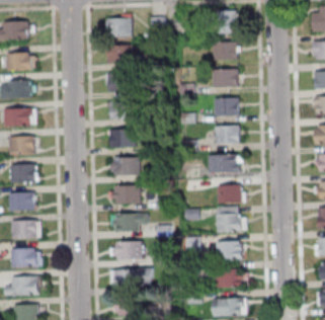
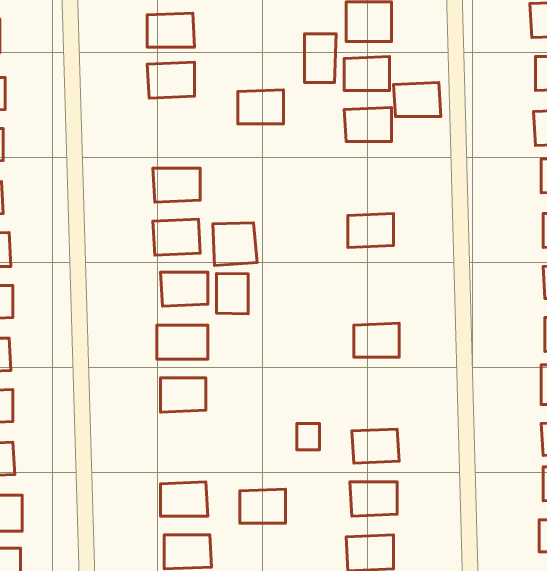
building: none -> [304,34,336,82]
building: [108,73,133,91] -> [238,90,283,124]
building: [214,97,239,115] -> [394,83,441,117]
building: none -> [213,223,257,265]
building: [209,155,241,172] -> none
building: none -> [217,273,248,314]
building: [217,214,241,232] -> none
building: [117,241,142,259] -> [240,489,285,523]

